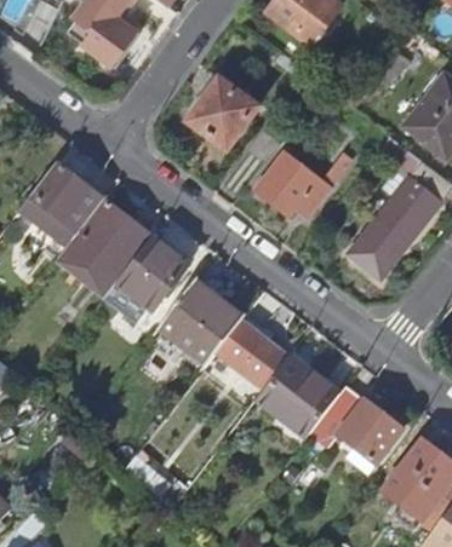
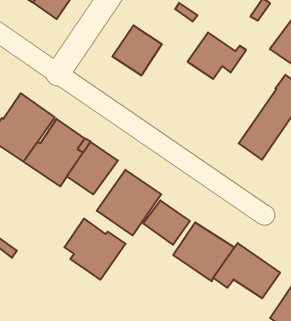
building: [256,150,337,214] -> [188,32,246,79]
building: none -> [64,219,126,280]

